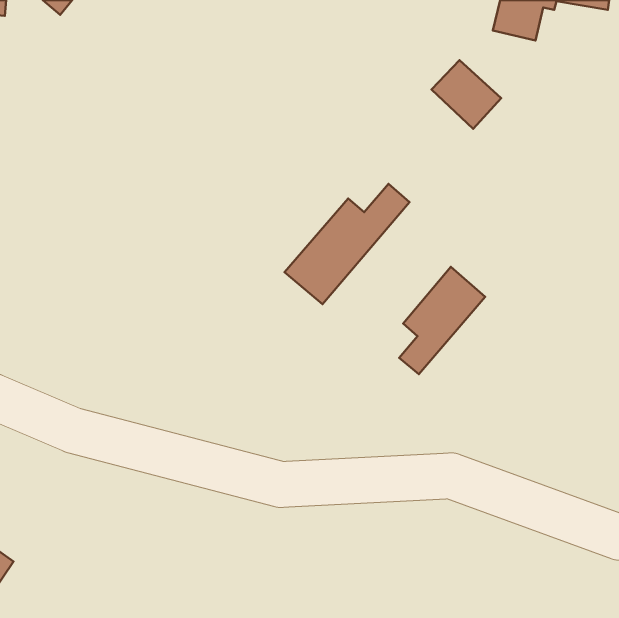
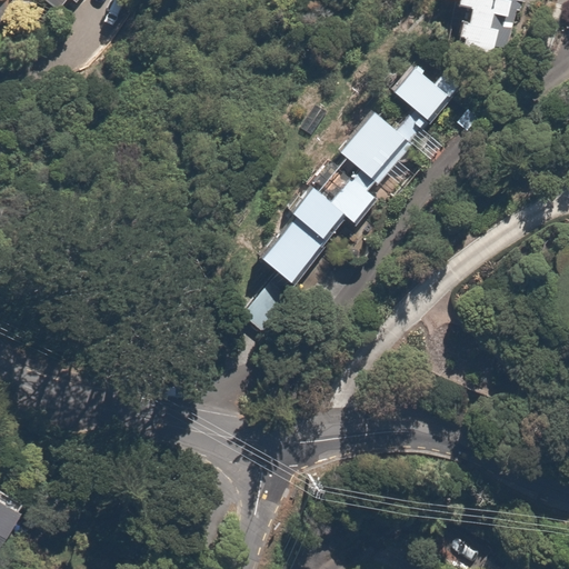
building: none -> [335,109,423,184]
building: [399,267,485,374] -> none

